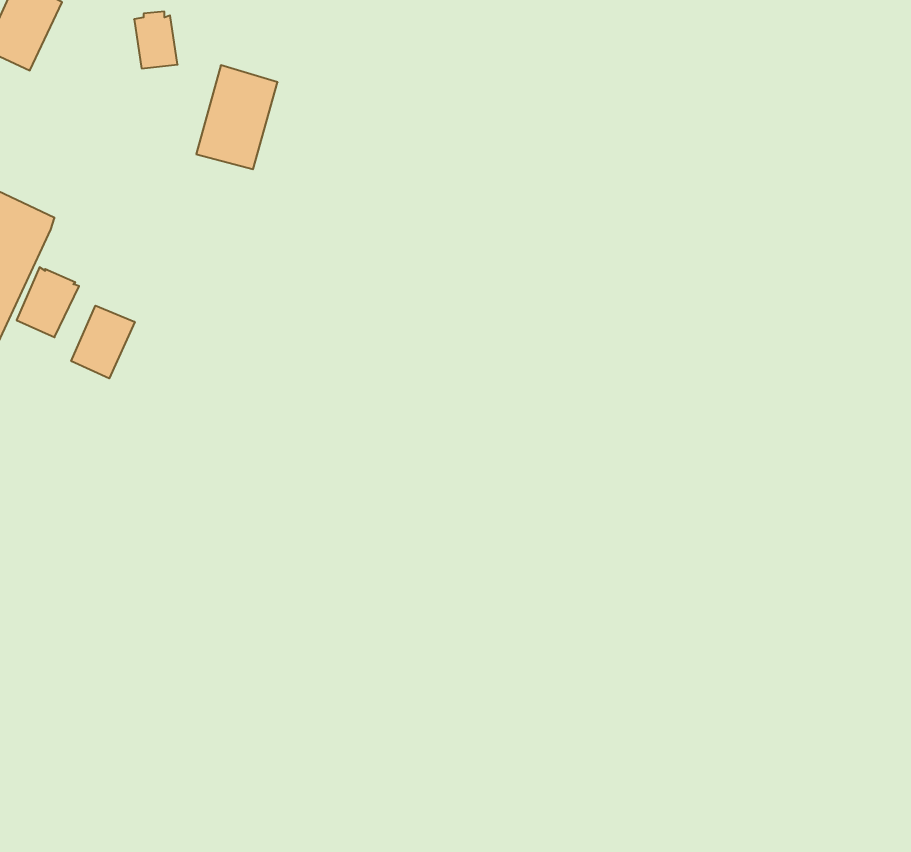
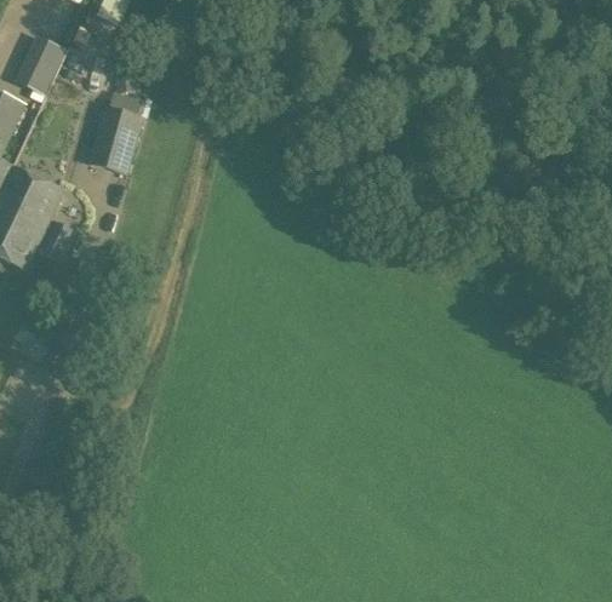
building: [196,65,278,169] -> [87,108,139,174]
building: [71,306,135,378] -> none

